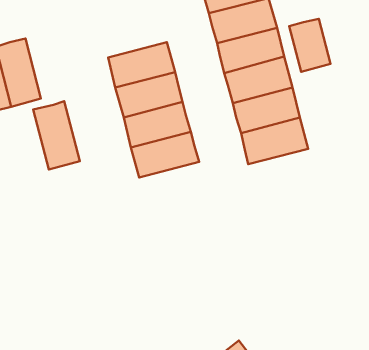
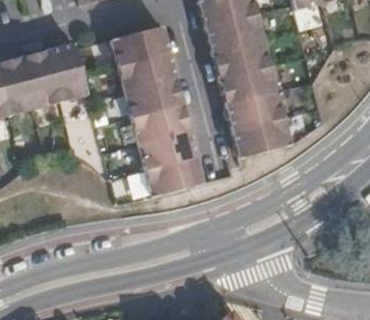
building: none -> [111,26,169,66]
building: [289,19,330,72] -> none
building: [33,101,80,169] -> [47,42,87,101]
building: none -> [145,156,203,197]

